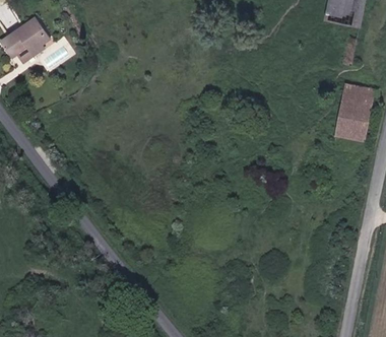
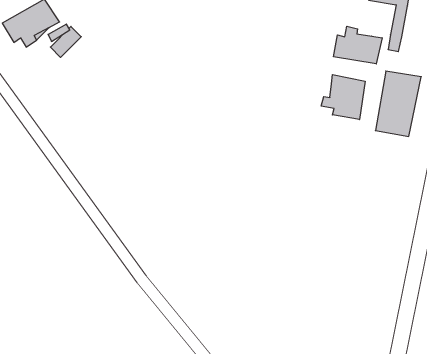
building: none -> [334,26,382,64]
building: none -> [321,75,365,120]

